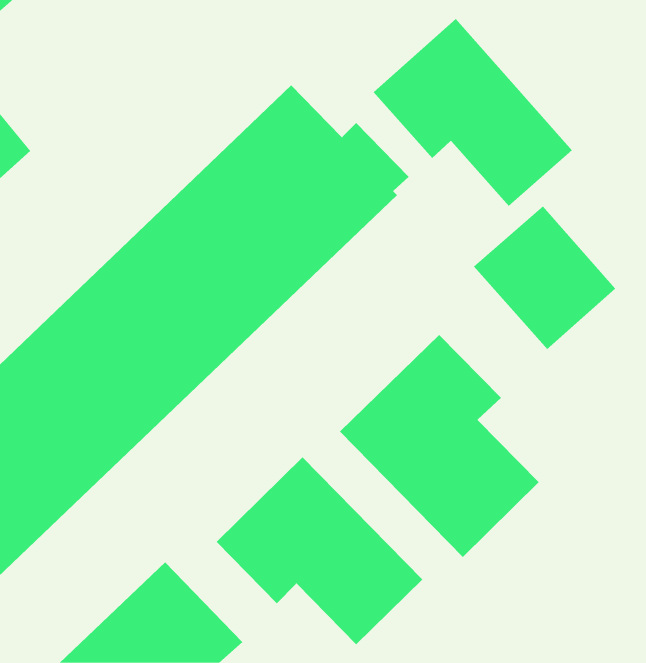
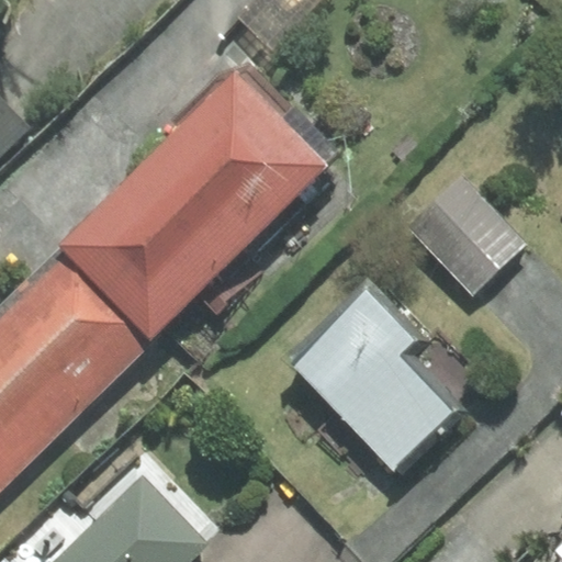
building: [373,18,573,207] -> none
building: [216,456,423,645] -> none

